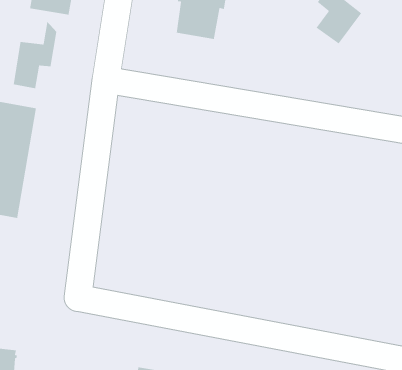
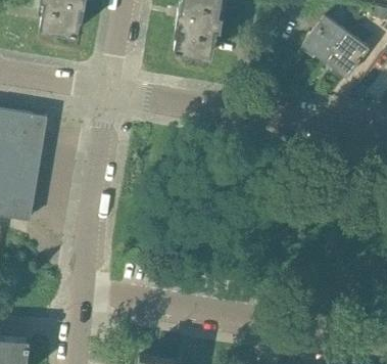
building: none -> [325,31,370,77]
building: [13,21,57,89] -> none

